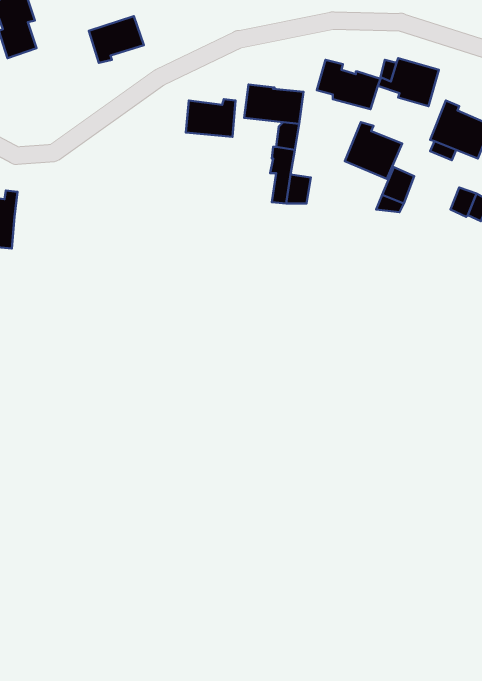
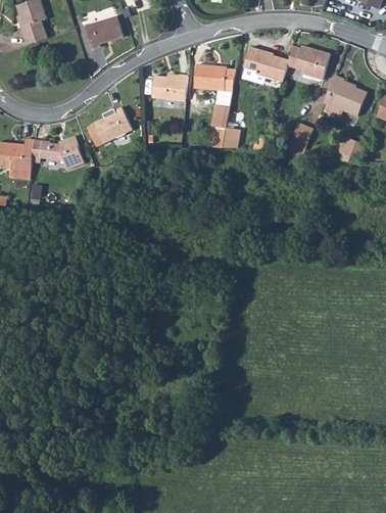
building: [345,122,402,179] -> none
building: none -> [92,106,132,143]
building: none -> [32,135,84,169]

